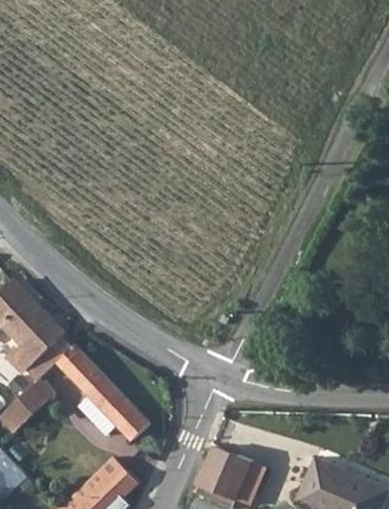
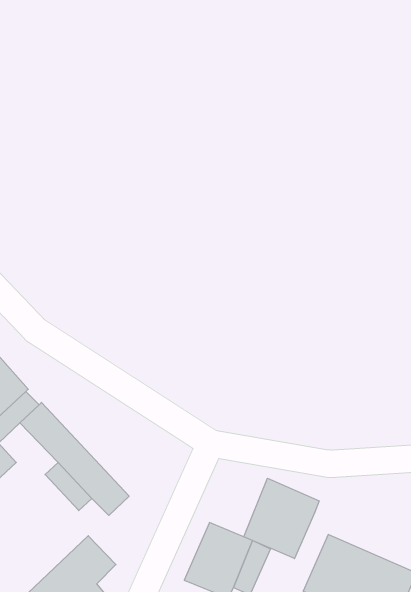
building: none -> [244,478,319,559]

